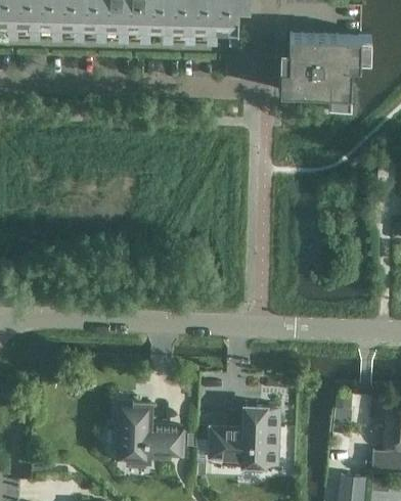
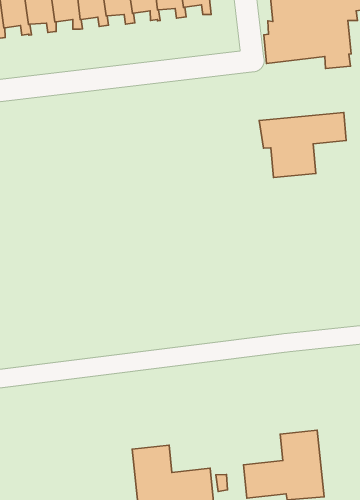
building: none -> [259,112,346,178]

